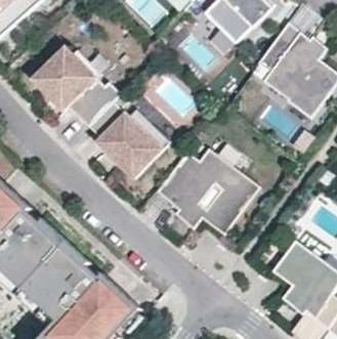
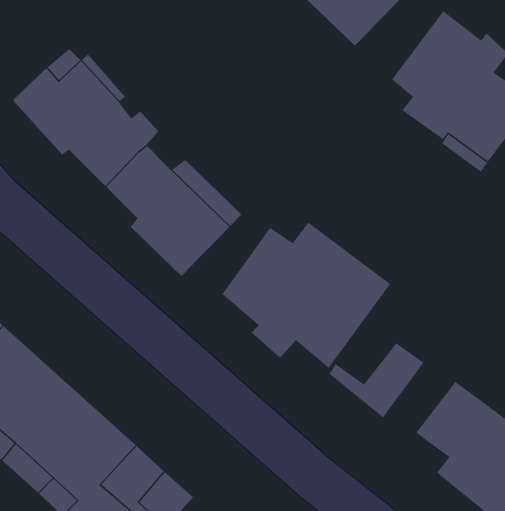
building: none -> [328,342,424,418]

